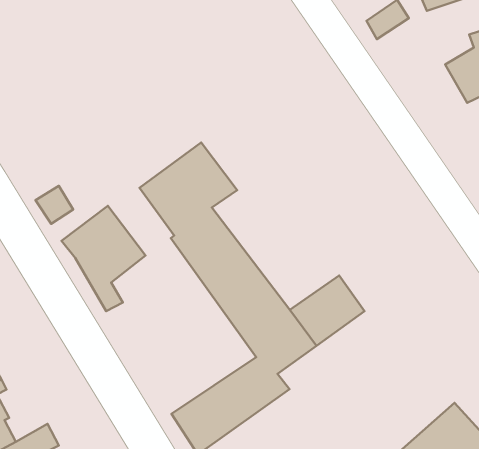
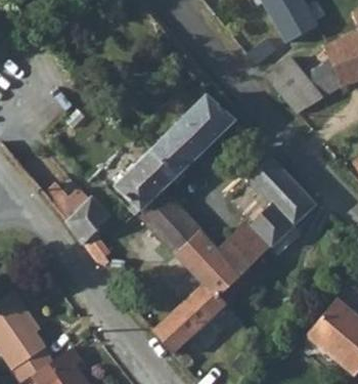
building: none -> [266,58,321,114]
building: none -> [149,94,235,176]
building: none -> [250,158,316,246]

